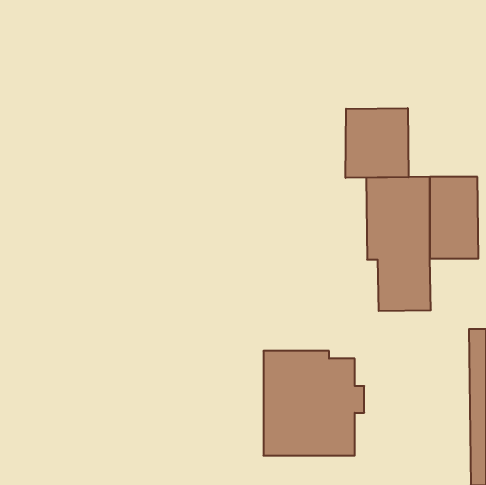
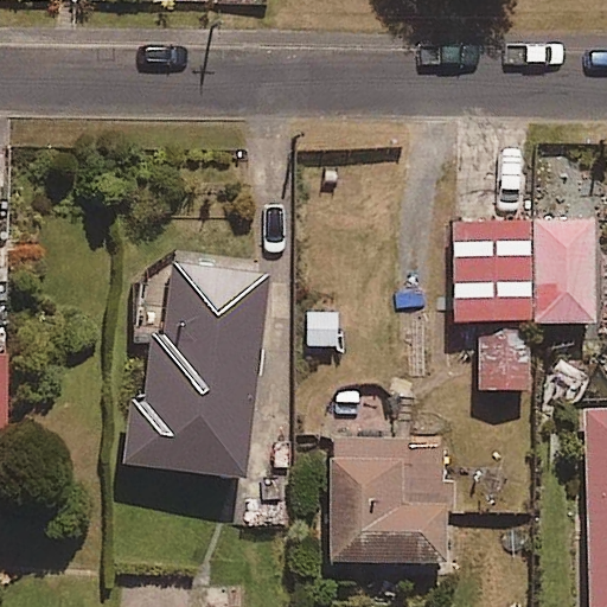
building: [346,108,409,178] -> none
building: none -> [123,260,273,480]

